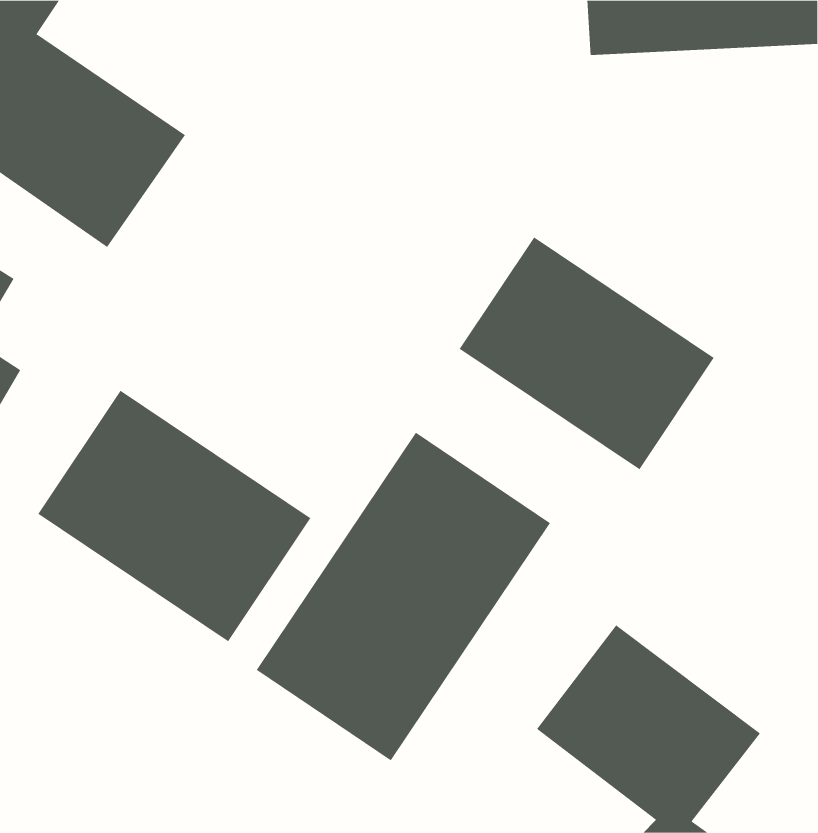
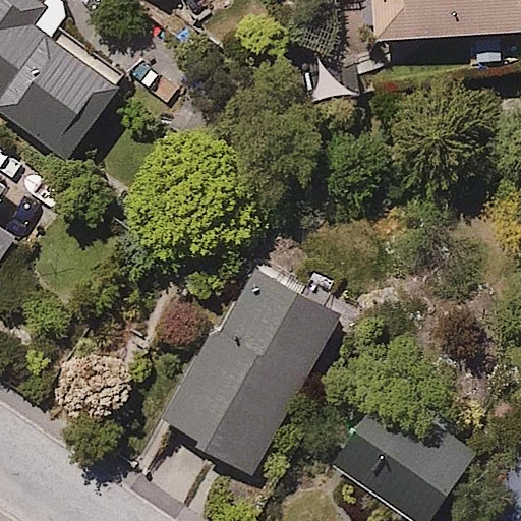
building: [459,236,715,470] -> none
building: [37,390,311,642] -> none

